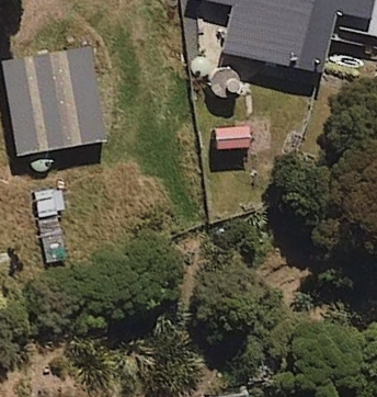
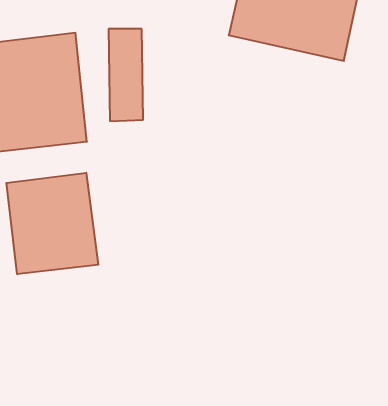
building: none -> [6,173,98,274]

